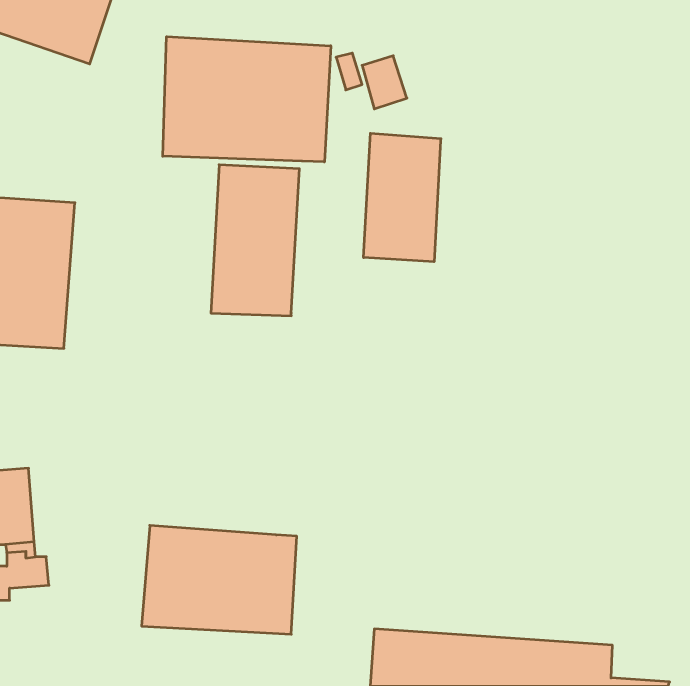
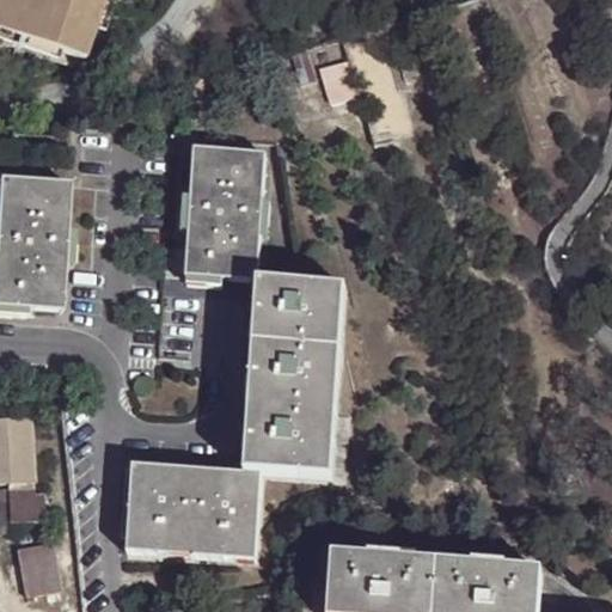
building: [163,37,331,162] -> none
building: [364,133,441,262] -> none
building: none -> [243,275,348,477]
building: none -> [17,543,57,588]

